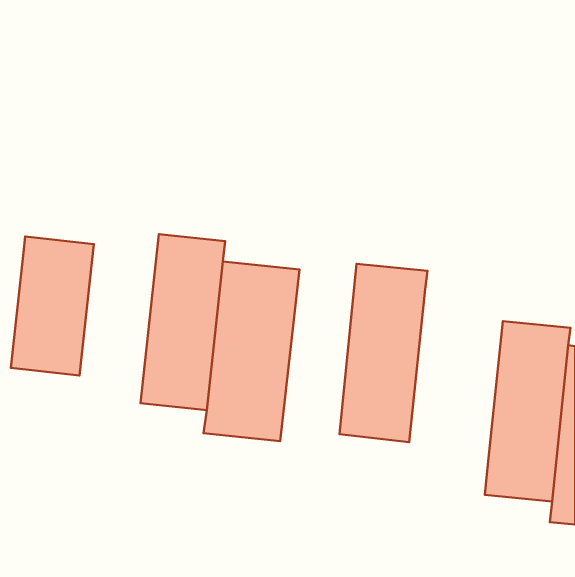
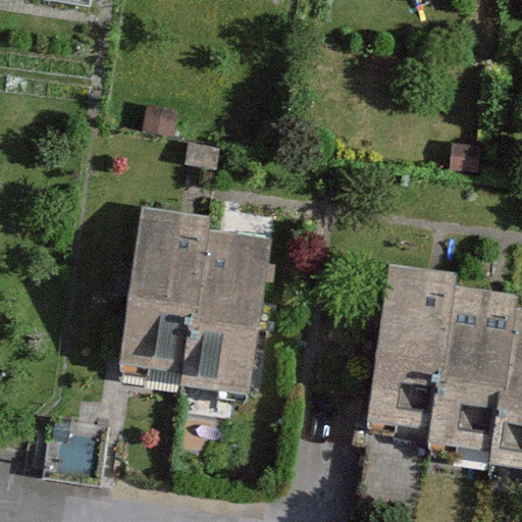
building: [11,236,94,375] -> none
building: [339,264,427,442] -> [372,264,451,423]

